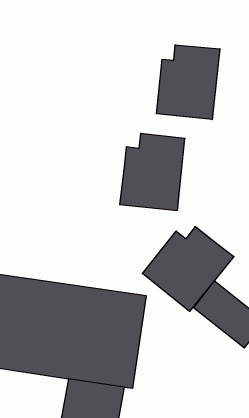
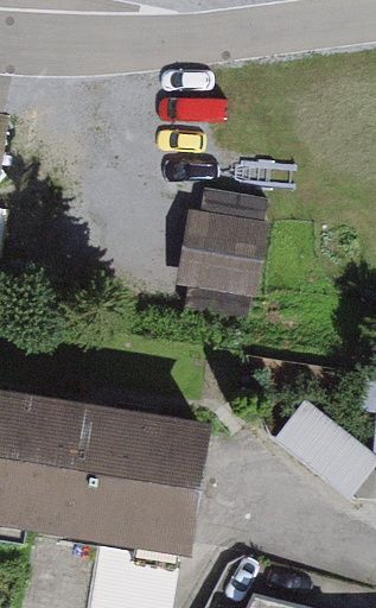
building: [157,45,220,120] -> none
building: [142,227,234,311] -> none

